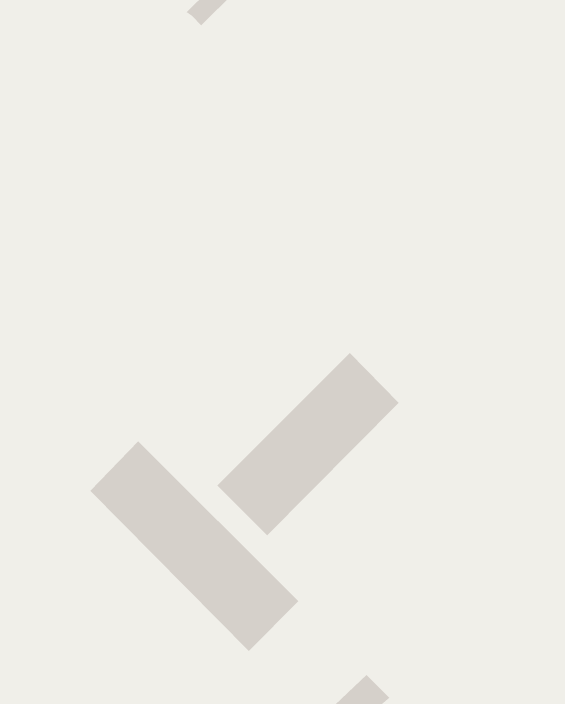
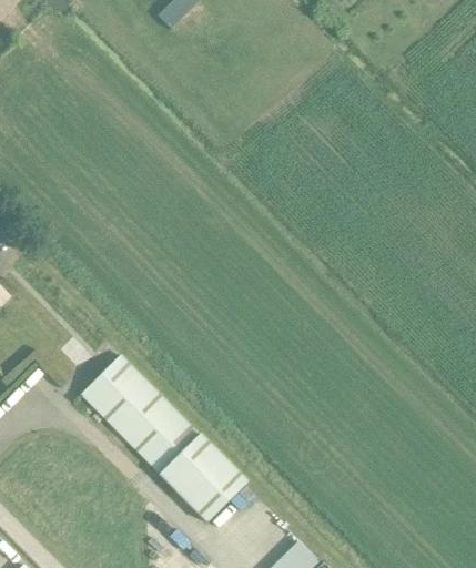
building: [216,352,399,536] -> none

